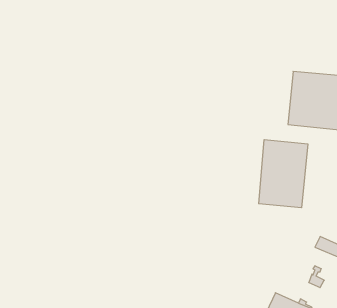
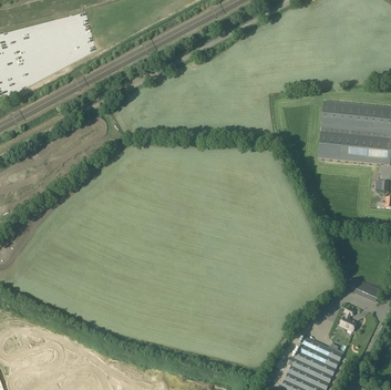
building: [259,140,308,208] -> none

